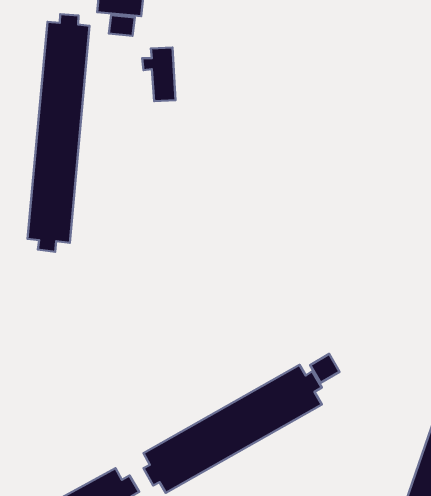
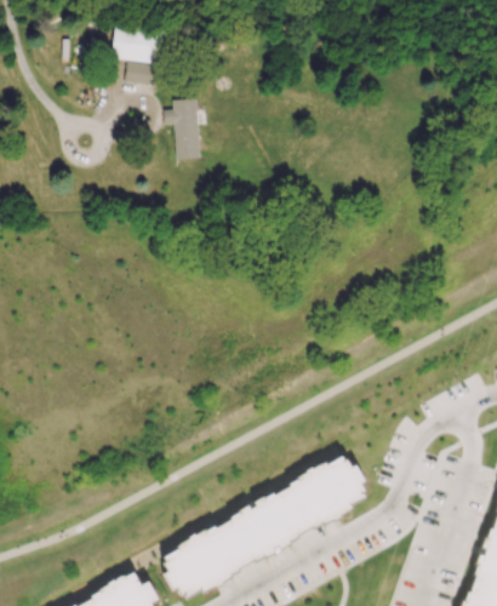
building: [28,14,90,252] -> none
building: [310,354,339,383] -> none

